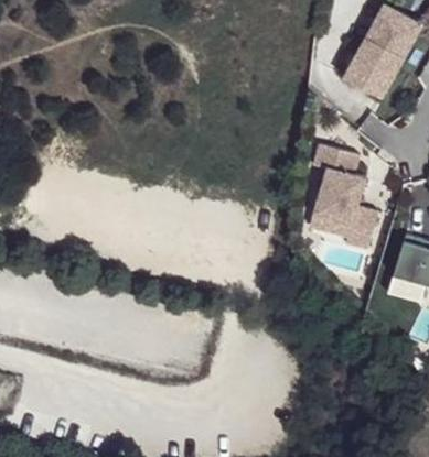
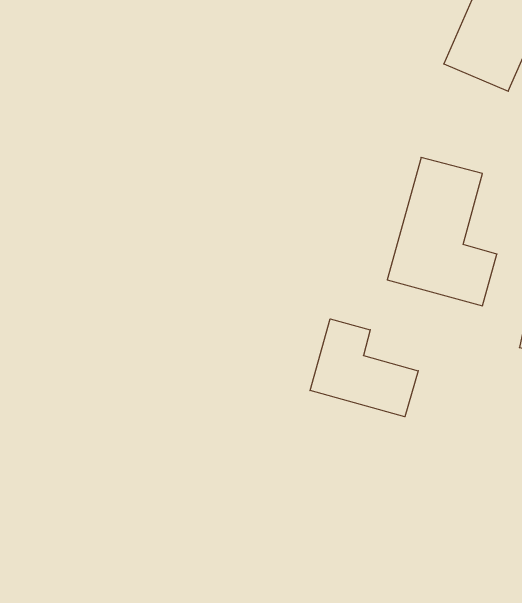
building: none -> [310,319,418,417]

